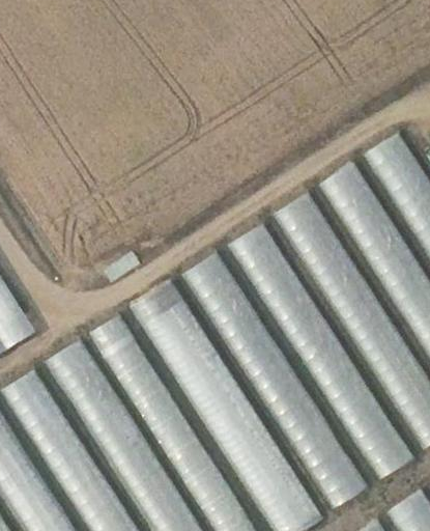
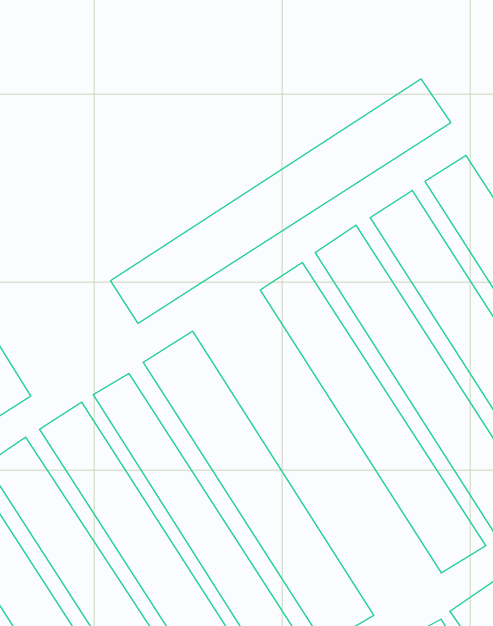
building: none -> [111,79,451,323]
building: [181,252,368,509] -> none

